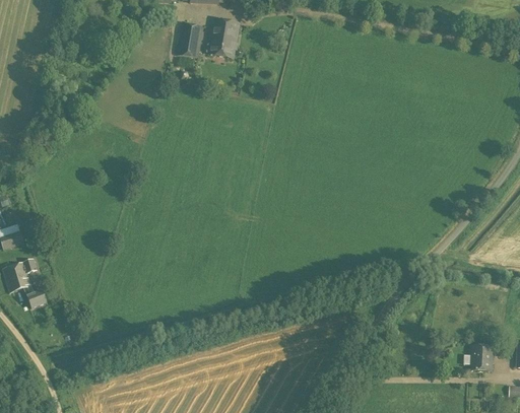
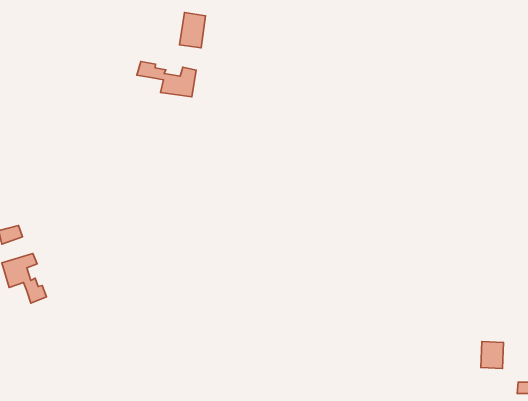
building: [206,19,239,59] -> none
building: none -> [137,62,196,97]

